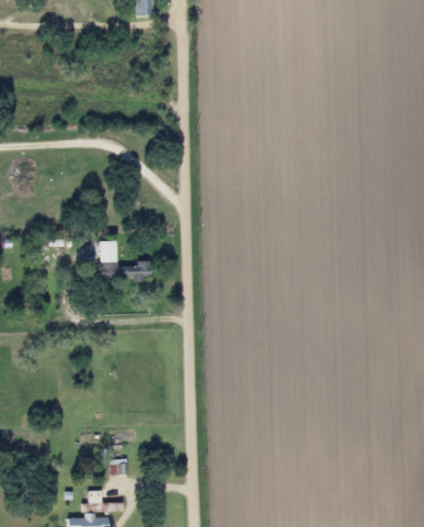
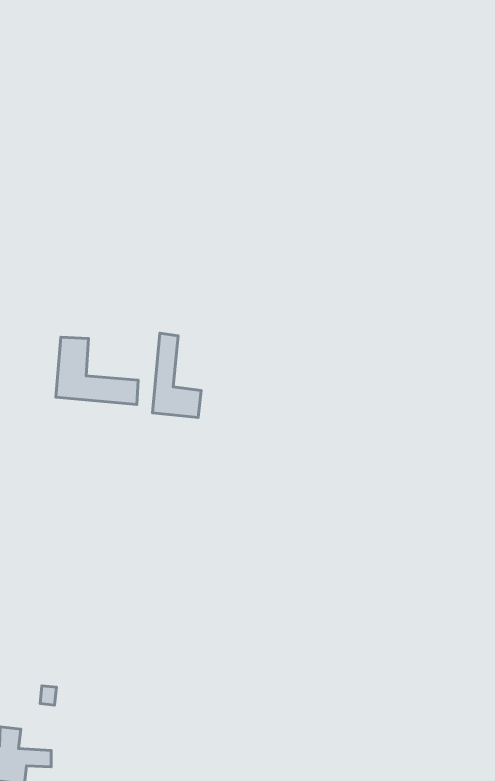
building: none -> [153,333,201,417]

